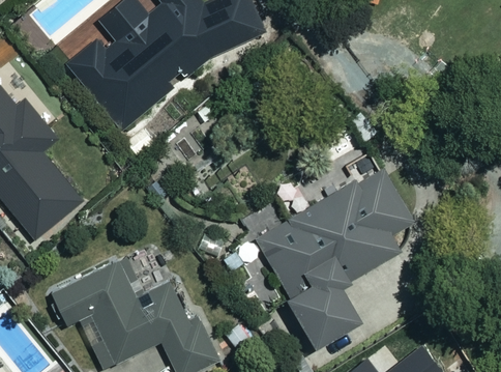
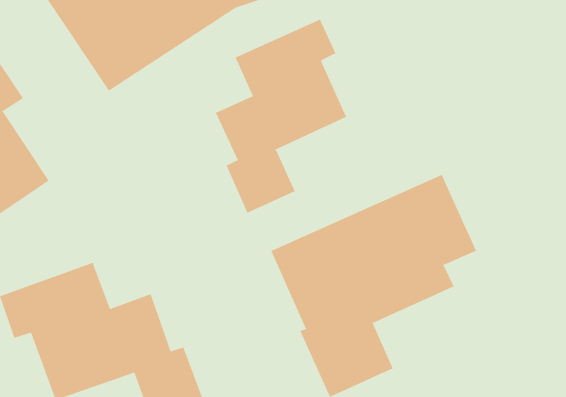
building: none -> [215,19,347,214]

